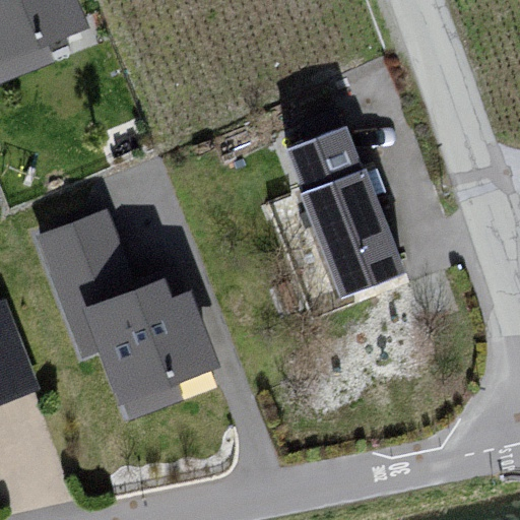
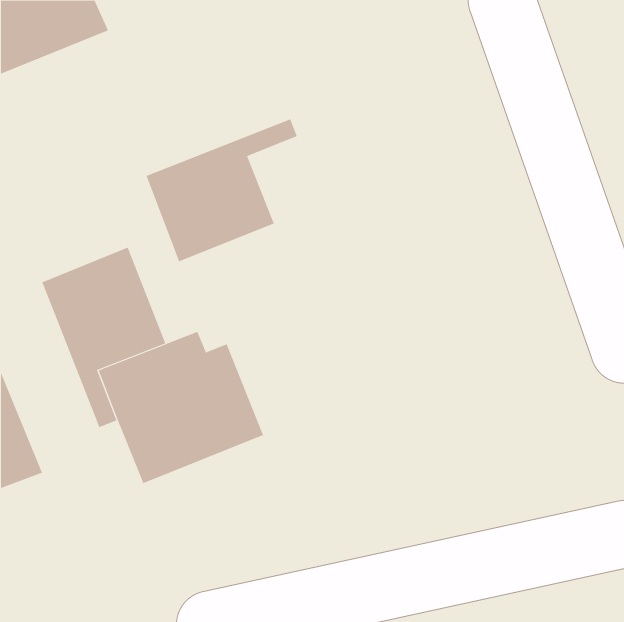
building: none -> [146,118,298,262]
building: [278,130,404,301] -> none

